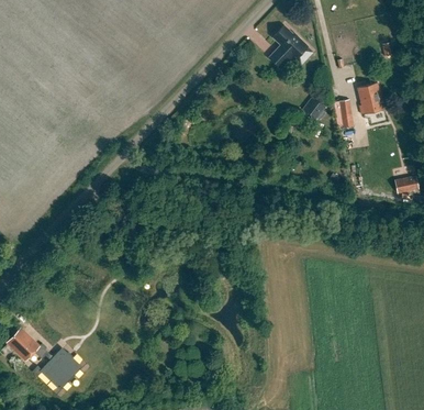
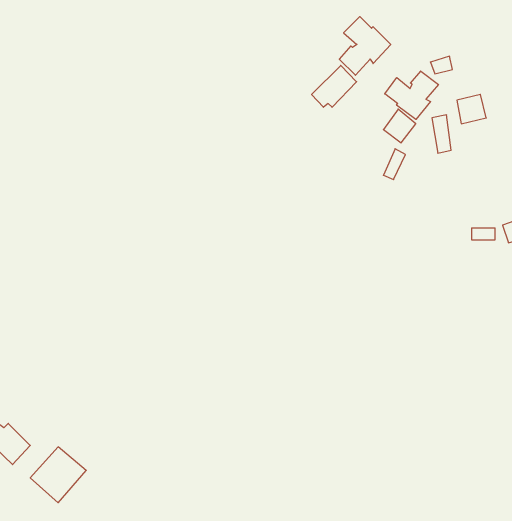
building: none -> [312,65,357,107]
building: none -> [385,71,438,119]

